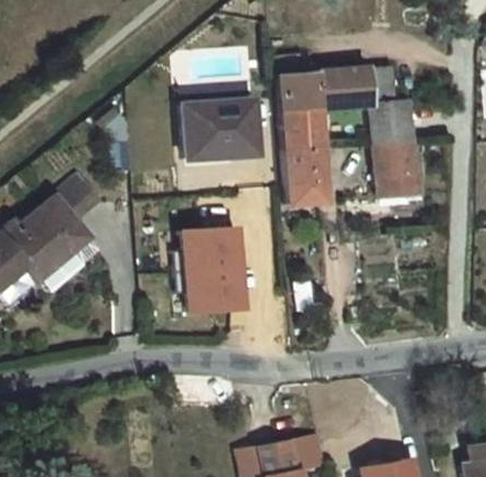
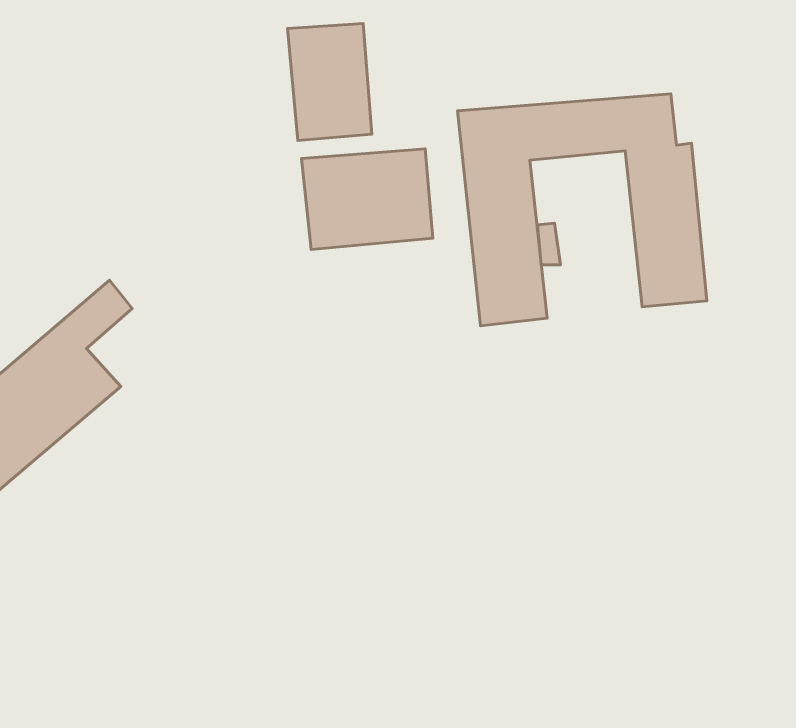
building: none -> [288,24,372,140]
building: [182,227,242,312] -> none

